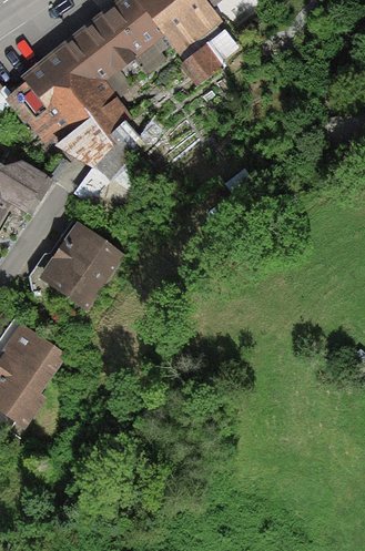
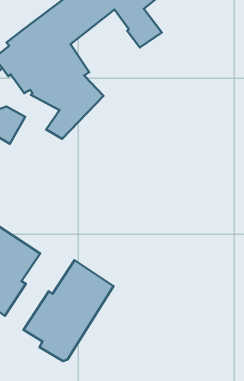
building: [31,221,124,309] -> none
building: none -> [23,260,113,361]

